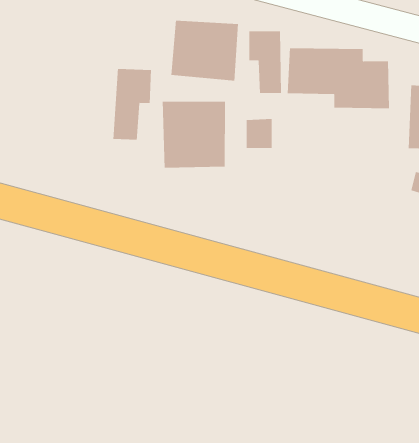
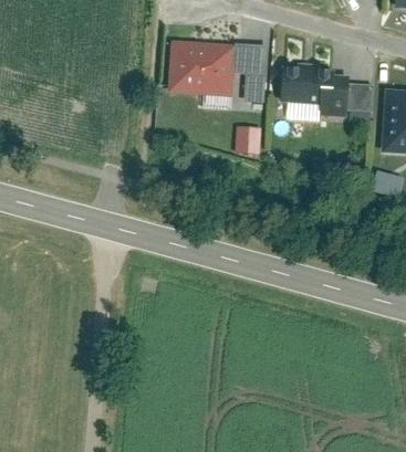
building: [113,68,152,140] -> none
building: [162,101,226,169] -> none

